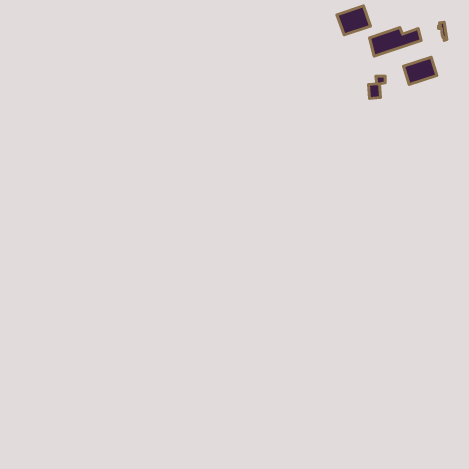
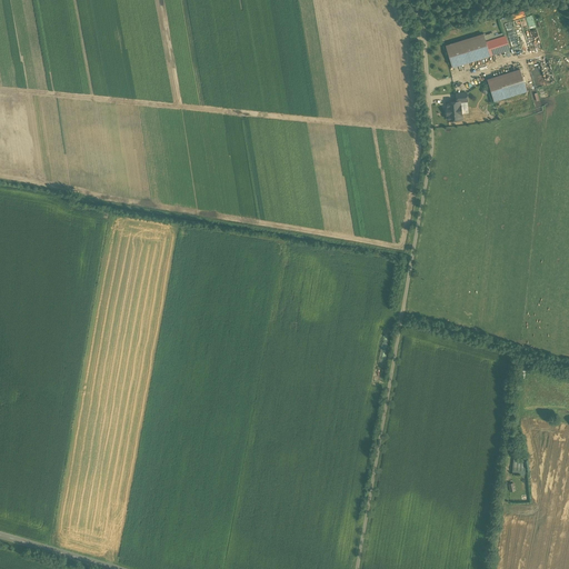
building: [337,6,371,35] -> none

